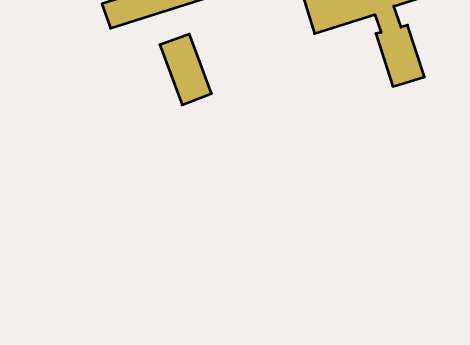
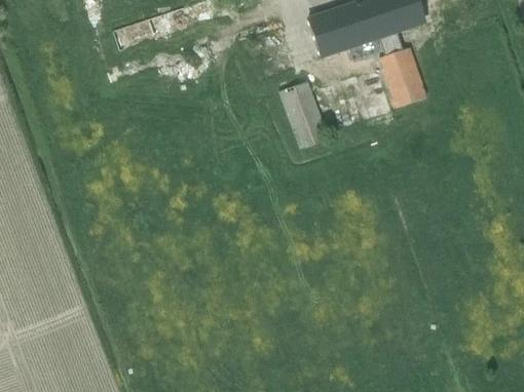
building: [160,34,212,105] -> [278,80,329,149]

